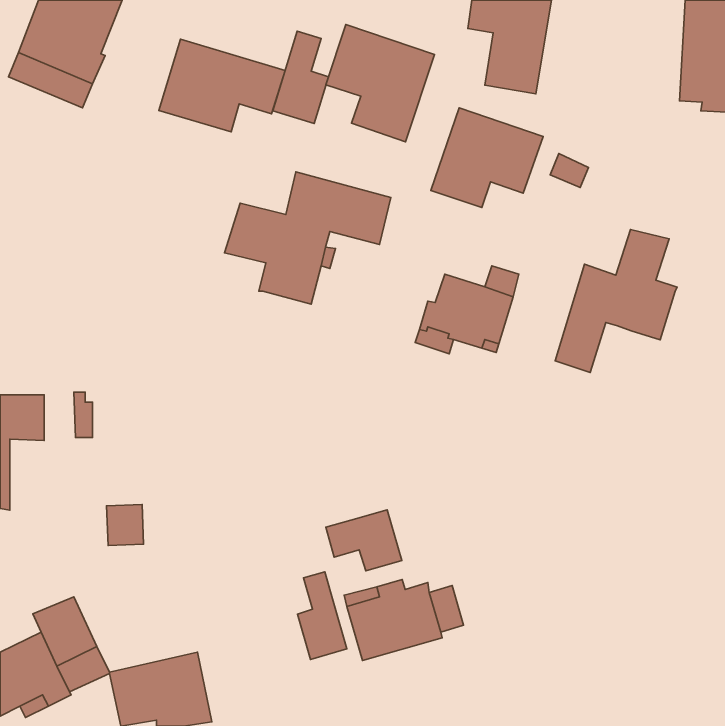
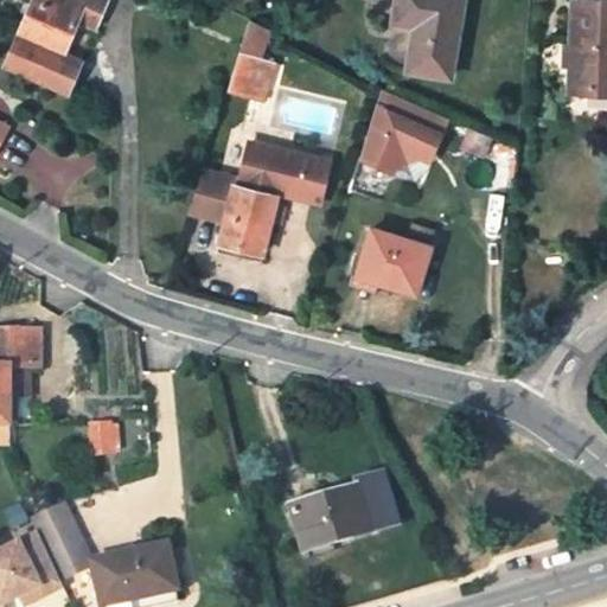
building: [326,24,435,142] -> none
building: [159,39,285,132] -> none
building: [555,230,677,373] -> none
building: [326,510,402,571] -> none
building: [297,572,347,659] -> none

